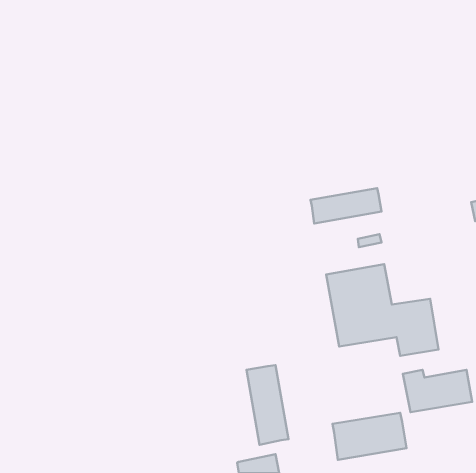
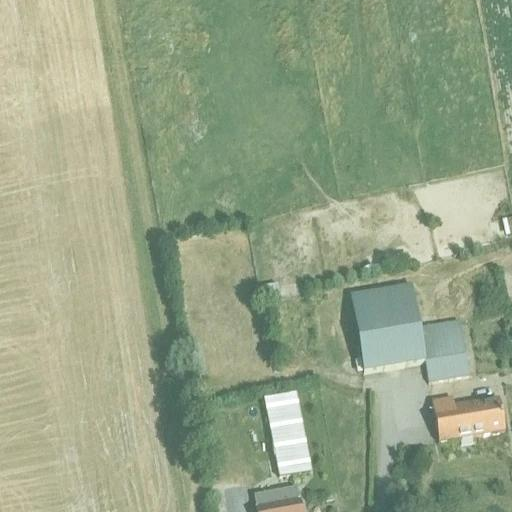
building: [310,188,382,223] -> none
building: [332,413,407,460] -> none

